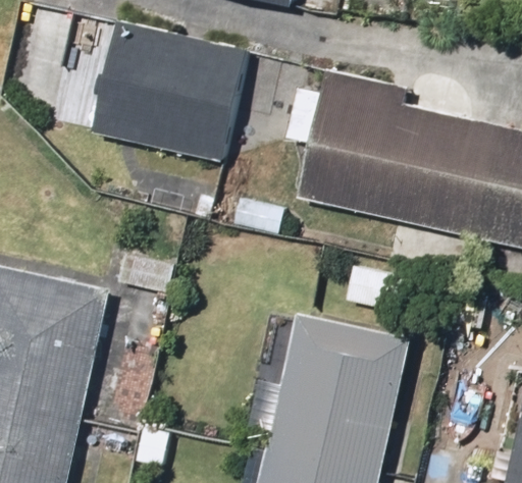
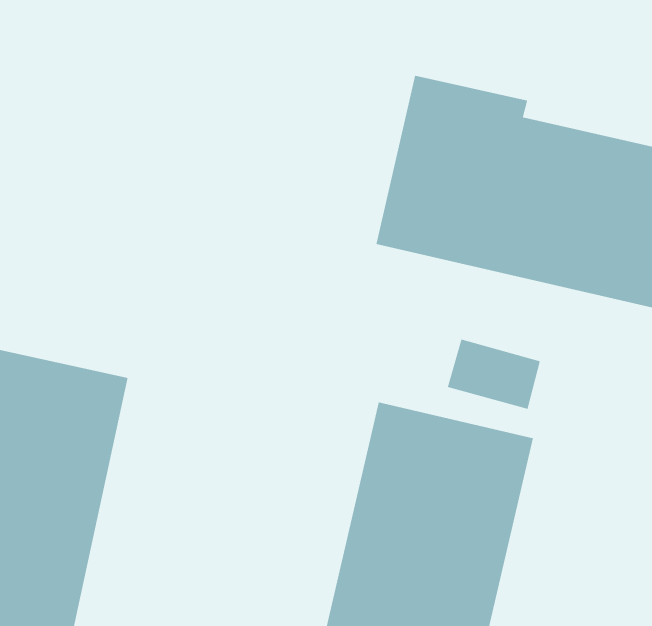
building: [89,23,249,166] -> none

